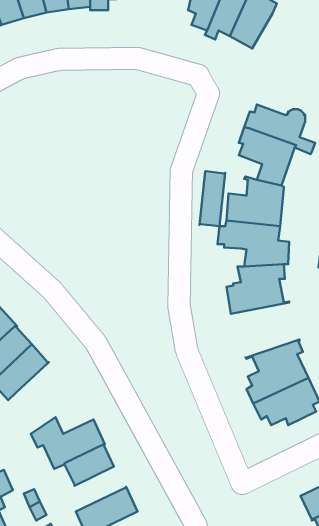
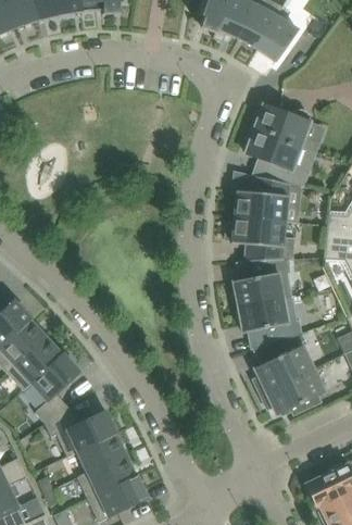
building: none -> [259,16,299,61]
building: [200,171,225,226] -> none
building: none -> [238,296,302,349]
building: none -> [30,352,80,423]
building: none -> [77,454,136,498]

